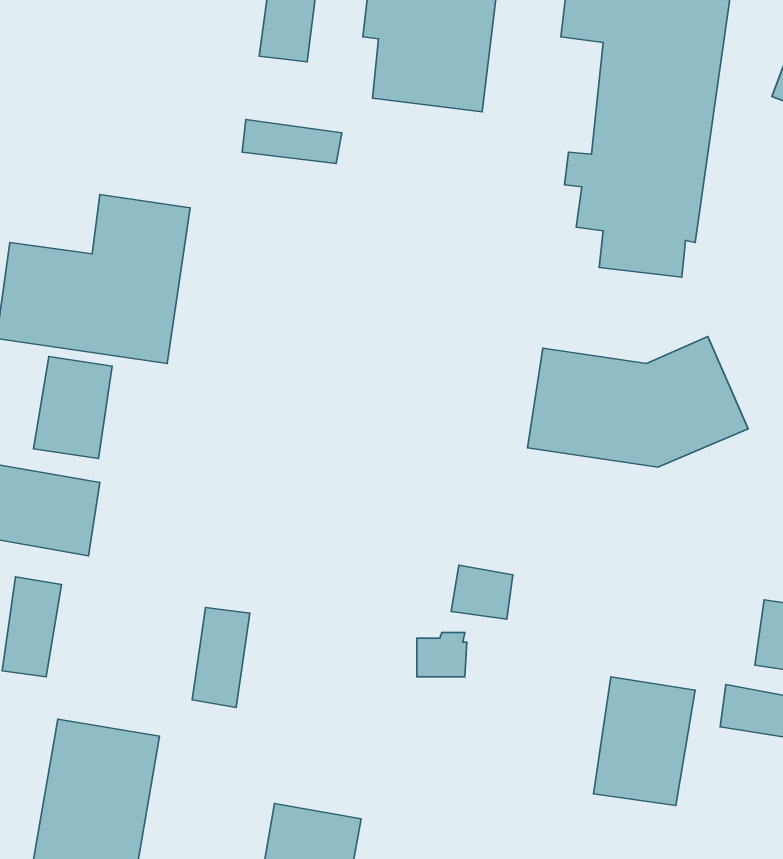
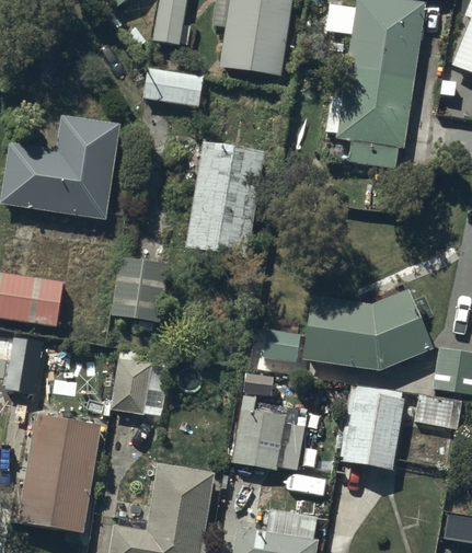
building: none -> [189,143,263,257]
building: [527,337,748,467] -> [304,292,430,367]
building: [33,357,112,459] -> [116,262,161,320]
building: none -> [233,400,306,471]

